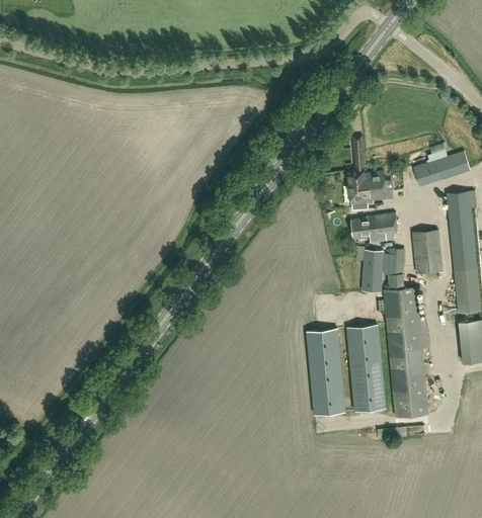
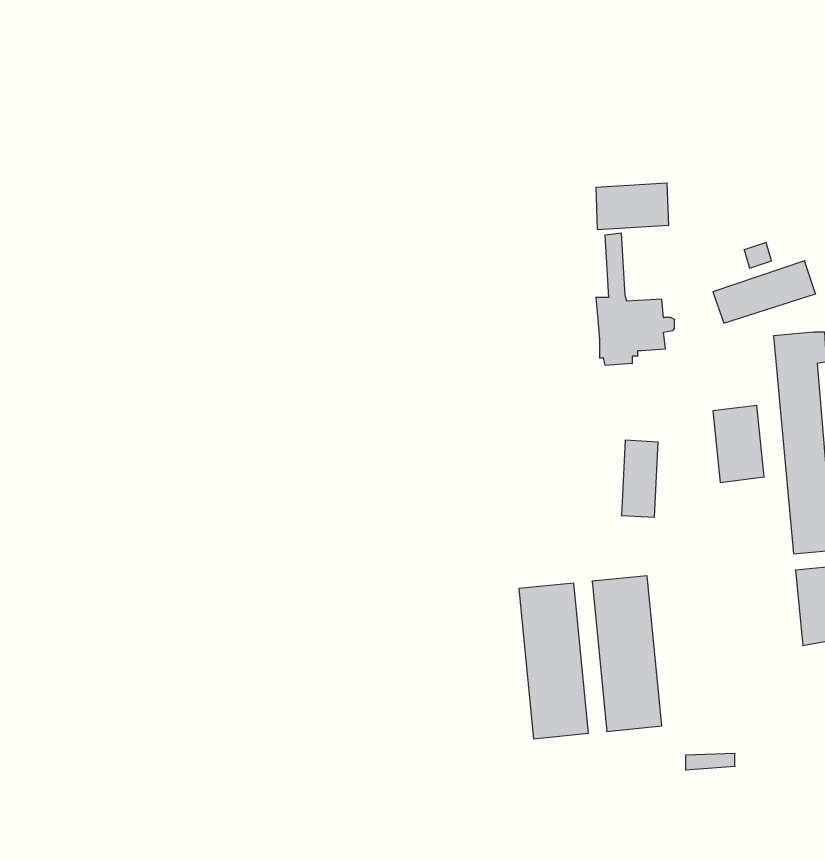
building: none -> [596,183,669,230]
building: [351,212,398,242] -> none
building: [383,249,428,418] -> none

